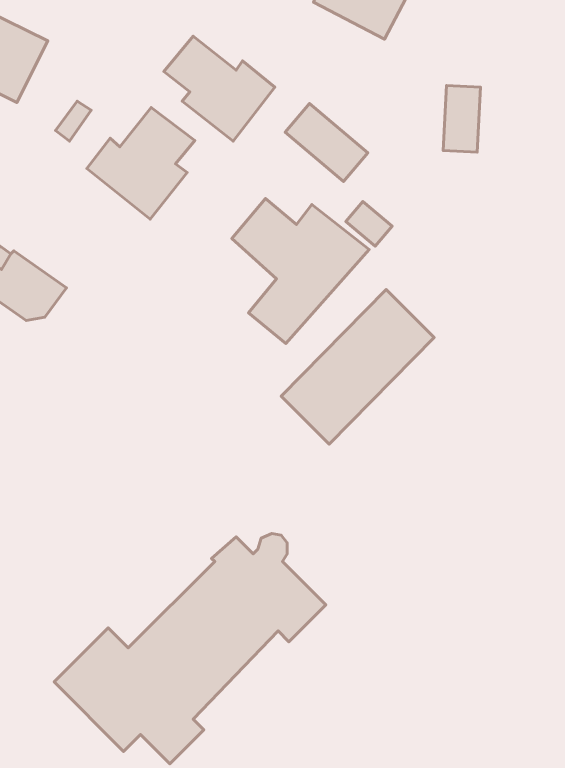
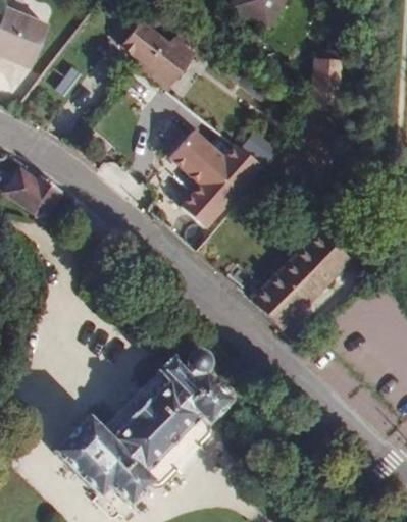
building: [285,103,368,182] -> none
building: [87,107,195,219] -> none
building: [281,290,434,444] -> [251,228,352,330]

